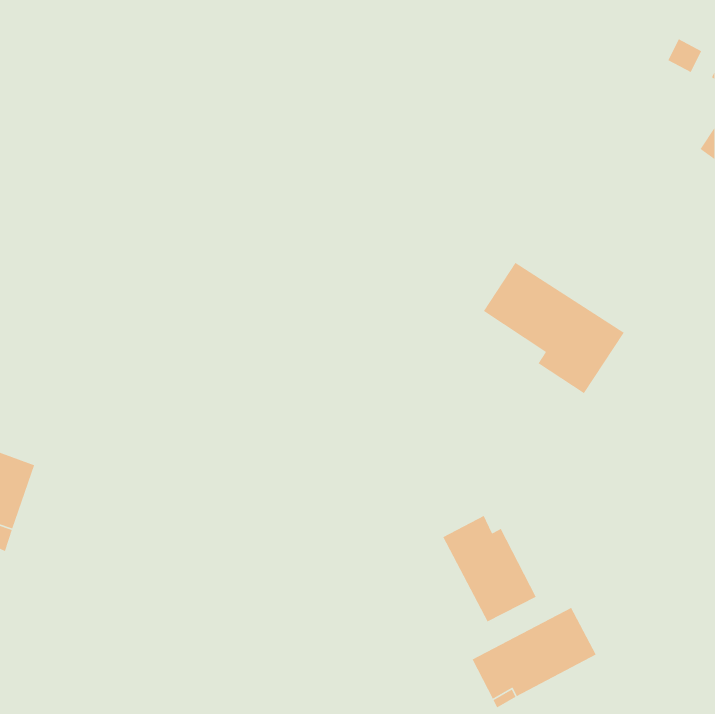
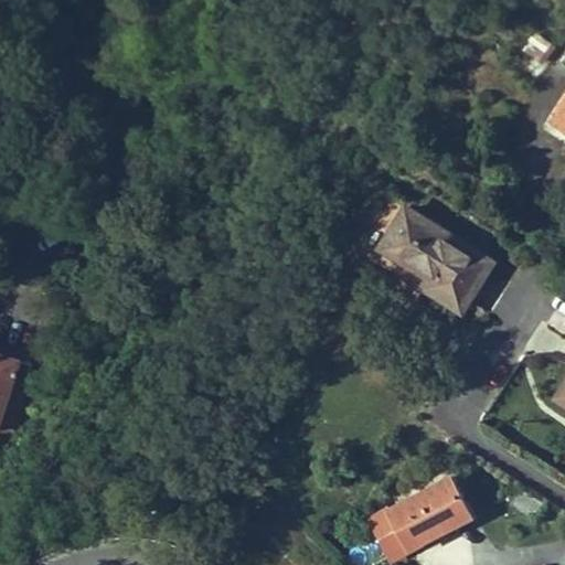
building: [442,515,537,623] -> none

